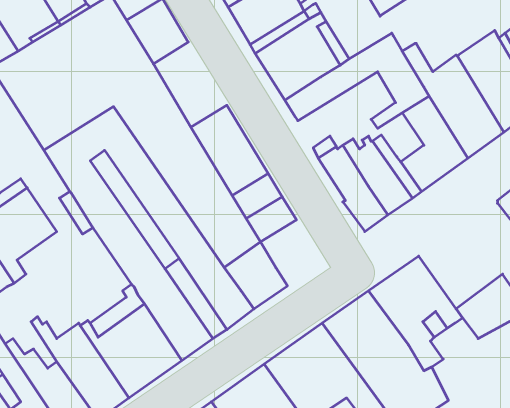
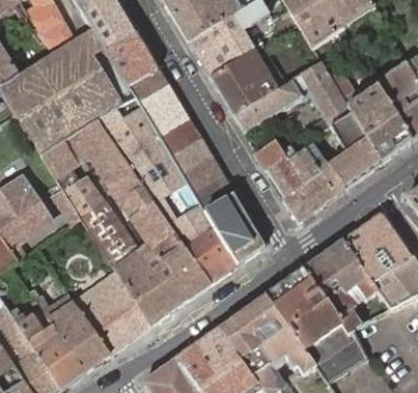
building: none -> [129,67,188,136]
building: none -> [215,210,263,263]
building: none -> [342,213,410,282]

